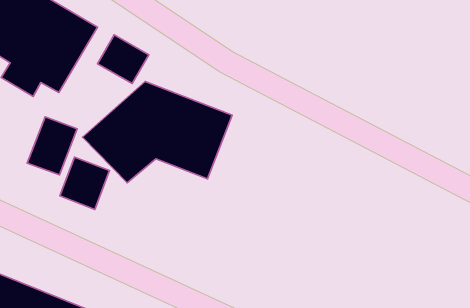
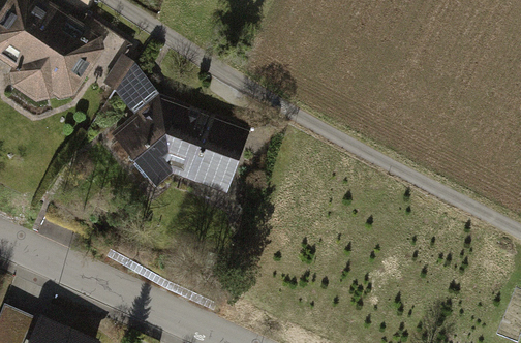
building: [27,117,77,175] -> none
building: [60,157,110,210] -> none

